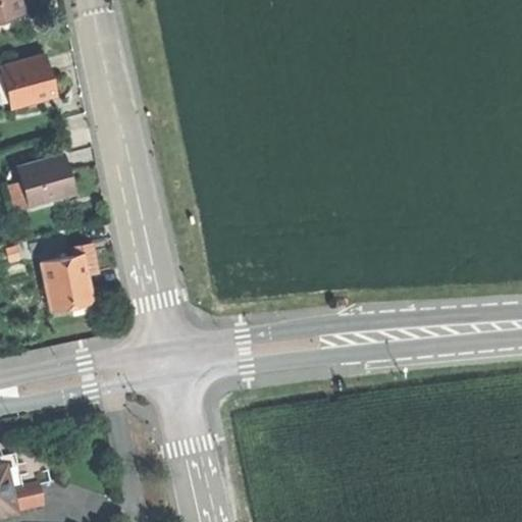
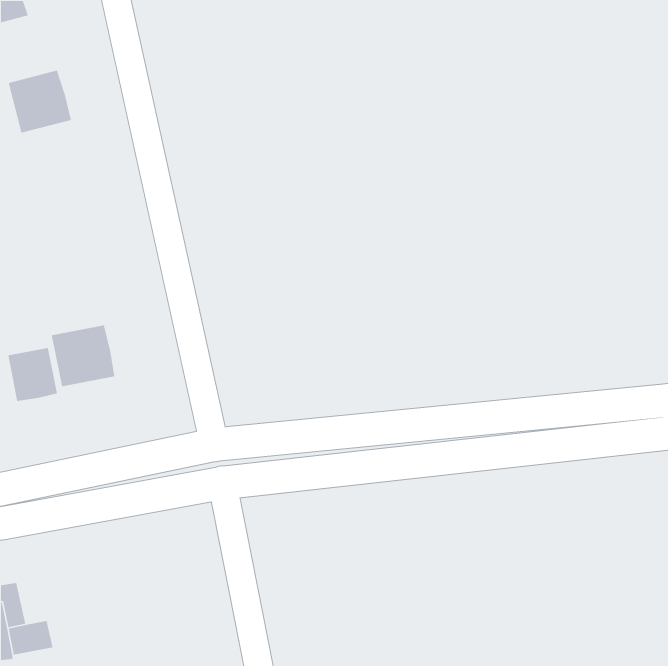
building: [17,155,72,205] -> none
building: none -> [7,347,58,402]

